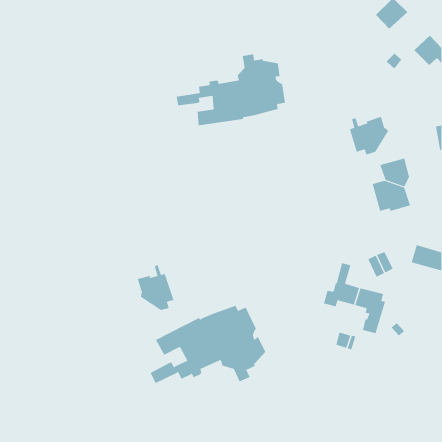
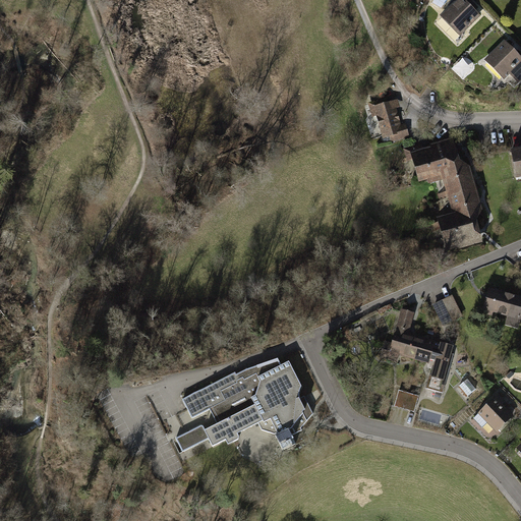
building: [176,53,285,126] -> none
building: none -> [367,97,408,140]
building: none -> [442,154,475,193]
building: [137,264,174,311] -> none
building: none -> [477,393,514,431]

